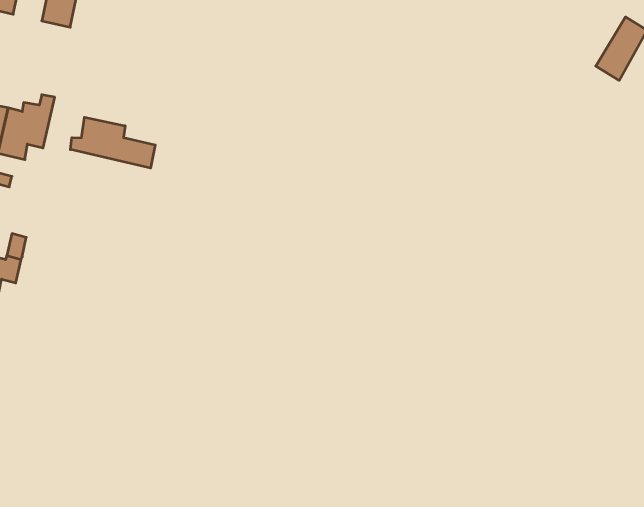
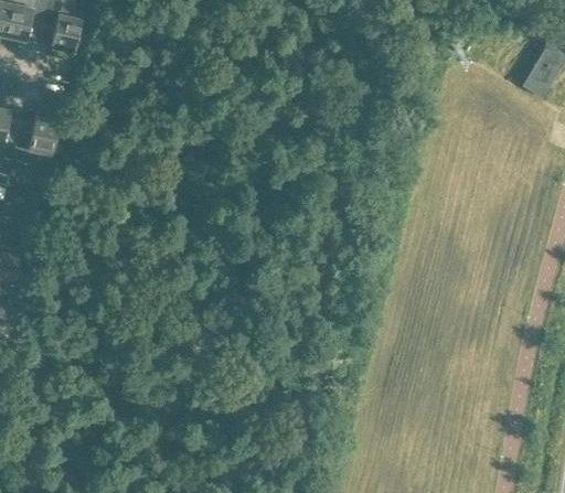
building: [70,117,155,168] -> none

